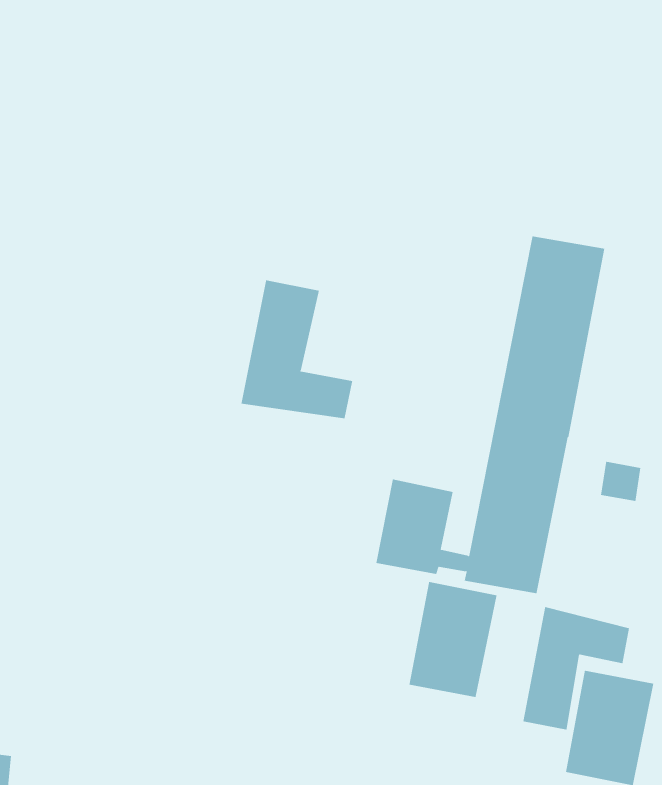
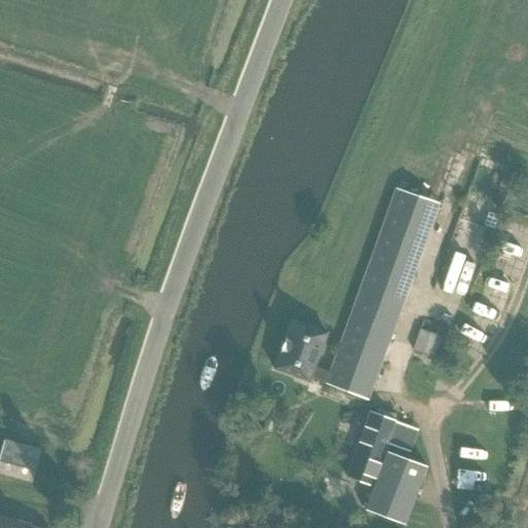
building: [241,280,353,419] -> none
building: [409,581,497,698] -> none

